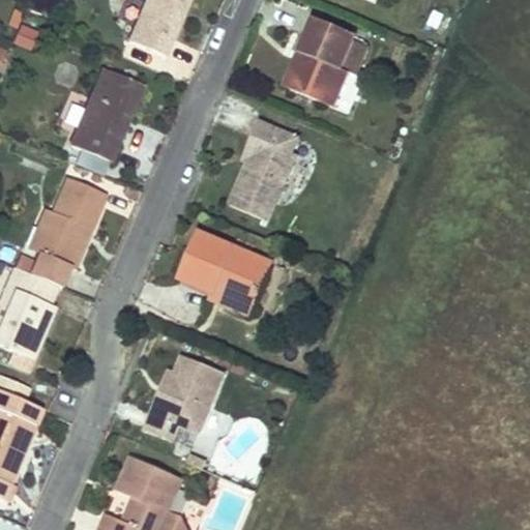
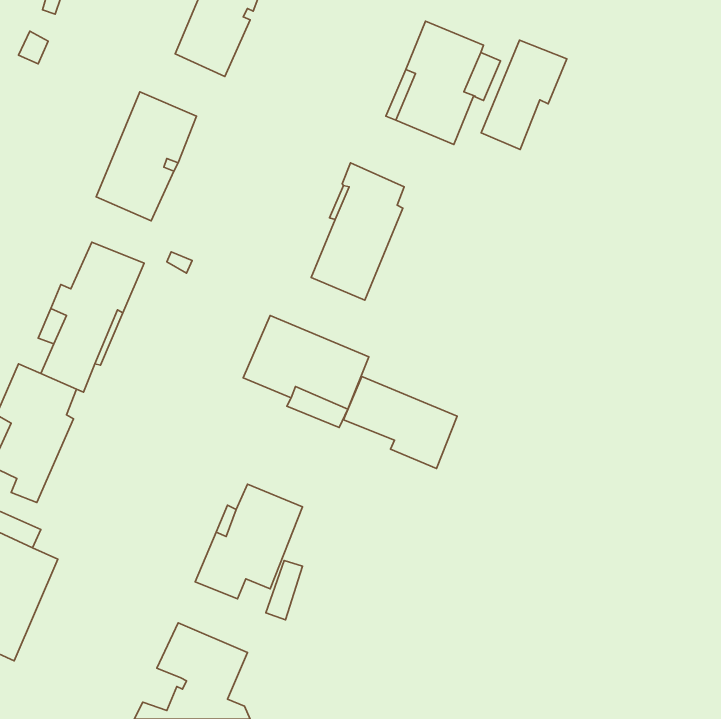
building: none -> [481,40,567,149]
building: none -> [344,377,457,468]

